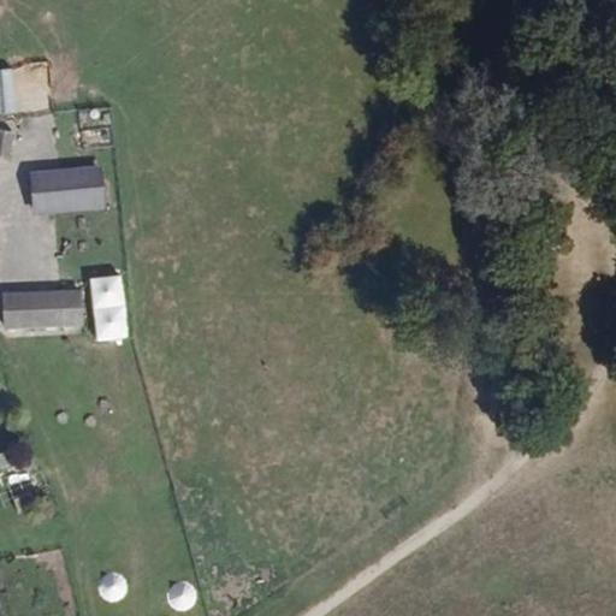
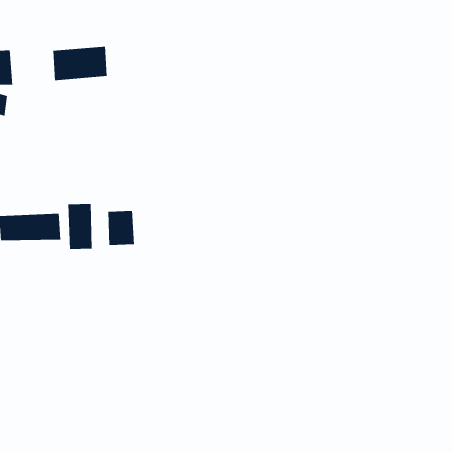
building: [26,167,101,214] -> [53,46,108,81]
building: none -> [108,210,135,246]

